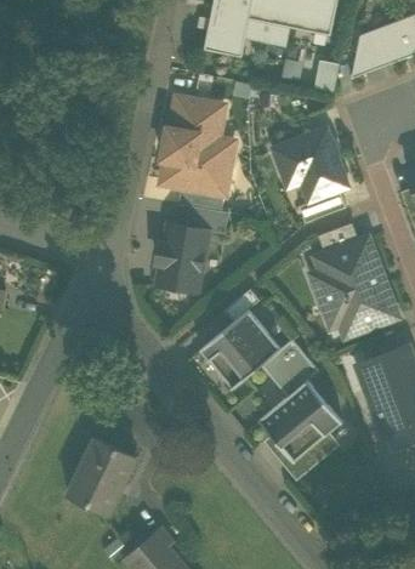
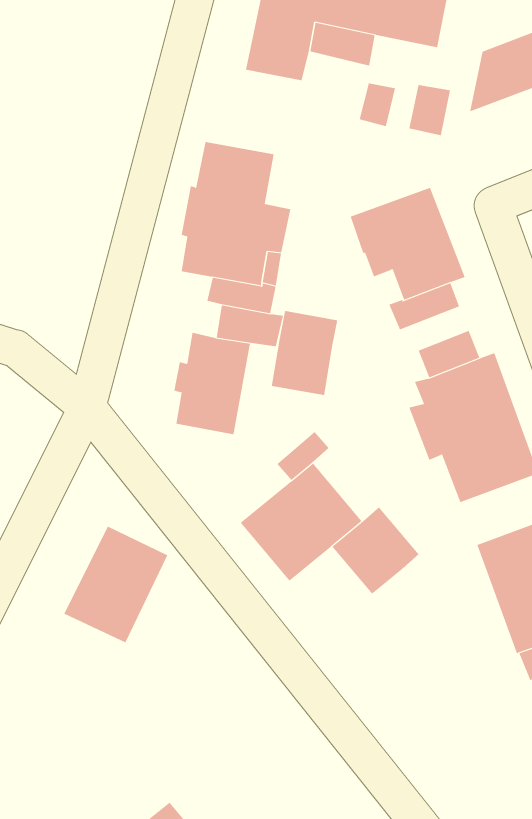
building: none -> [271,310,338,396]
building: [258,380,342,474] -> none
building: [68,437,137,514] -> [63,526,168,643]

